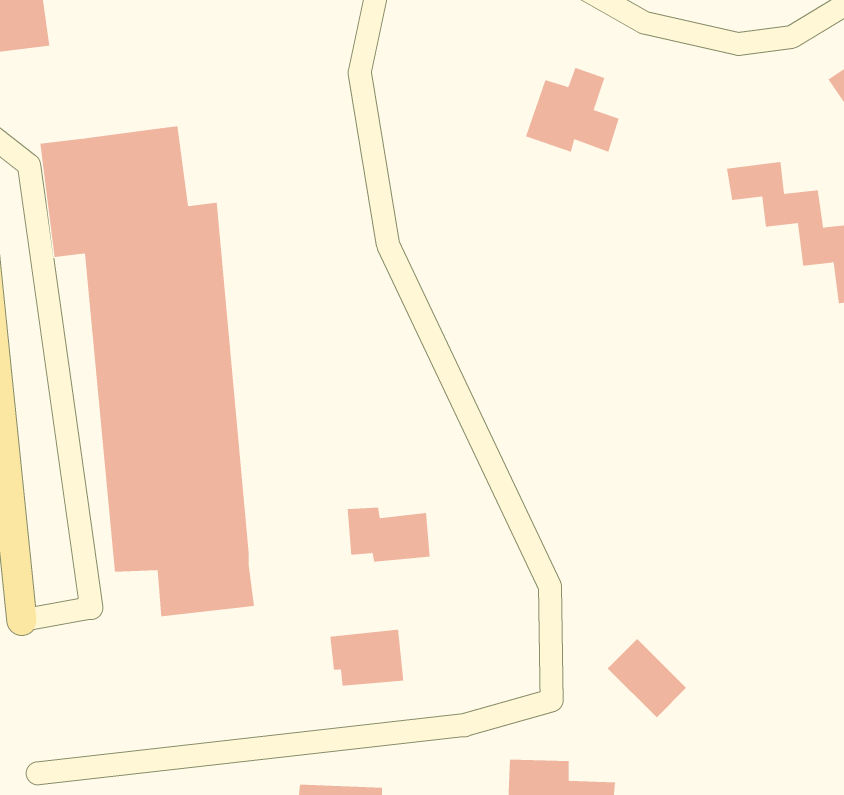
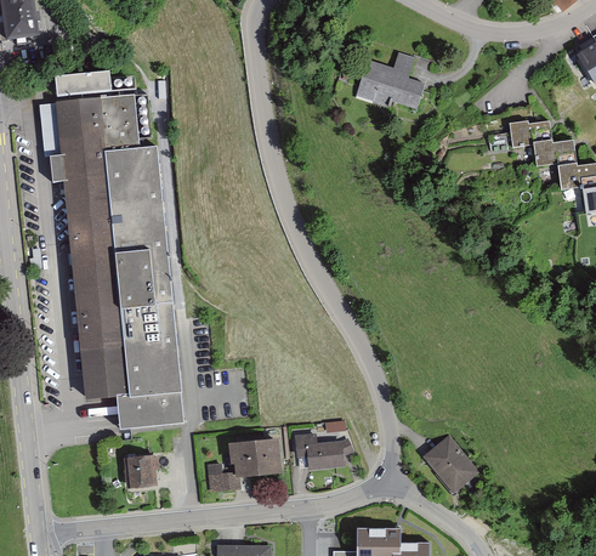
building: none -> [57,73,125,101]
building: [347,507,430,562] -> [295,435,352,472]
building: none -> [124,455,159,490]
building: none -> [205,464,240,494]

